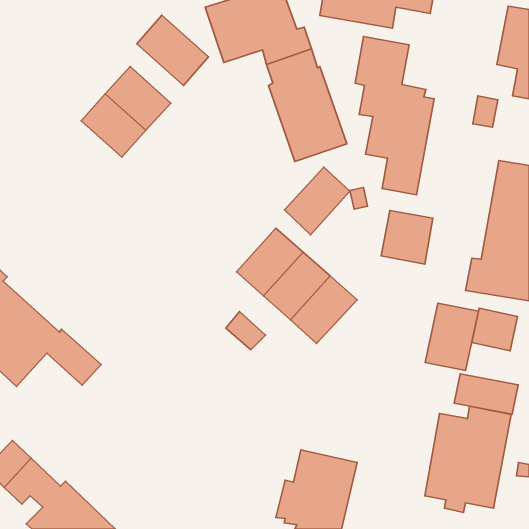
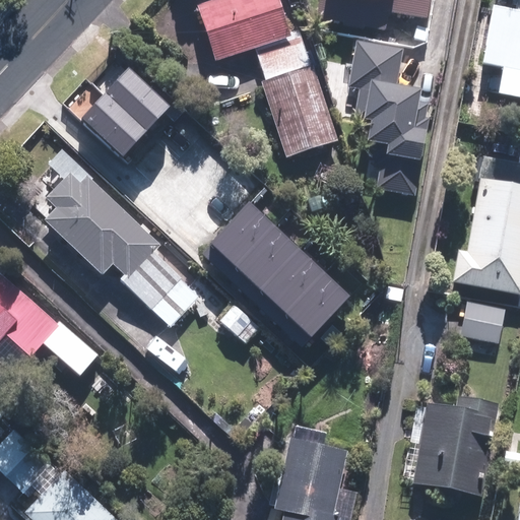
building: [137,15,209,86] -> none
building: [284,167,350,235] -> [205,199,269,265]
building: none -> [48,176,199,326]
building: [381,210,433,264] -> none
building: [425,303,478,371] -> none
building: [454,374,518,414] -> none

